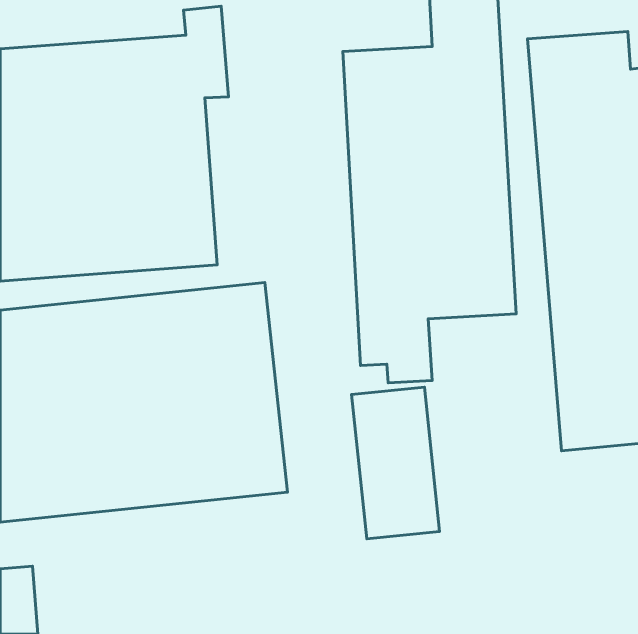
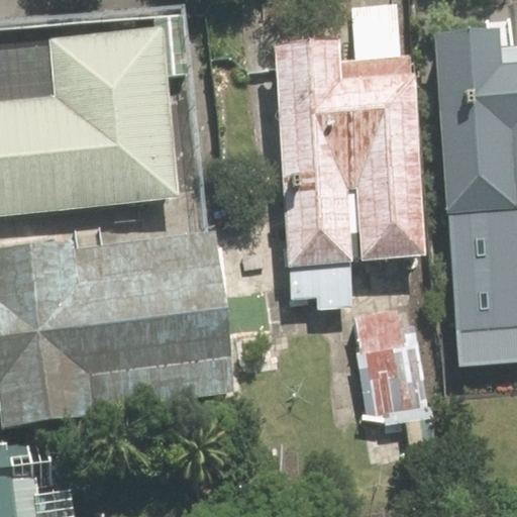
building: [352,387,440,539] -> [356,301,427,423]

